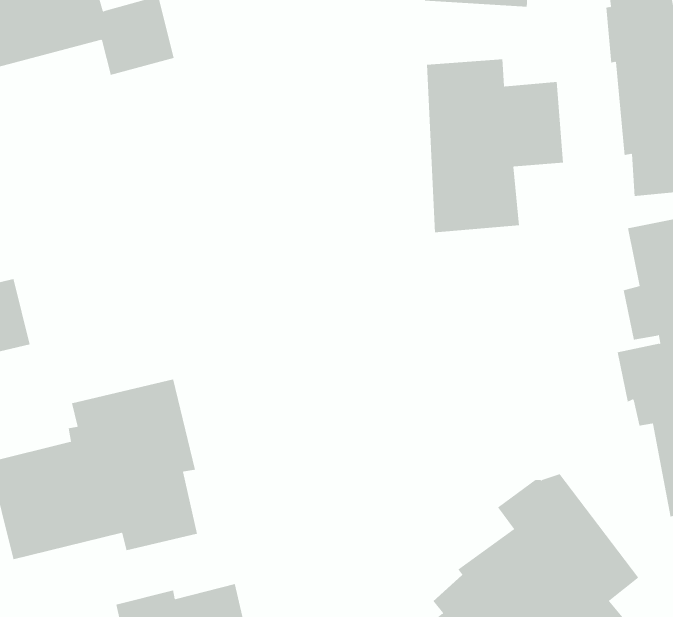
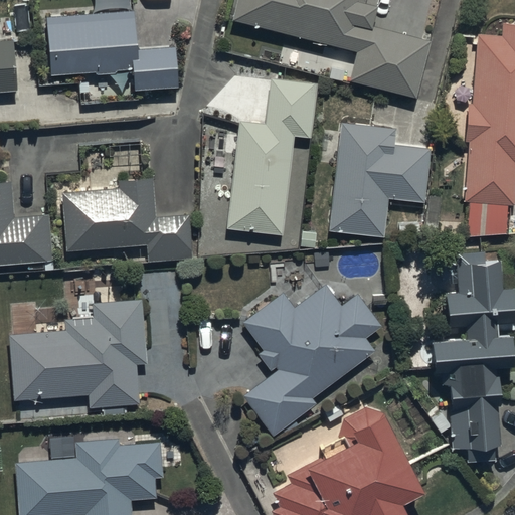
building: none -> [227,80,316,234]
building: none -> [63,177,191,262]
building: none -> [242,285,379,434]

